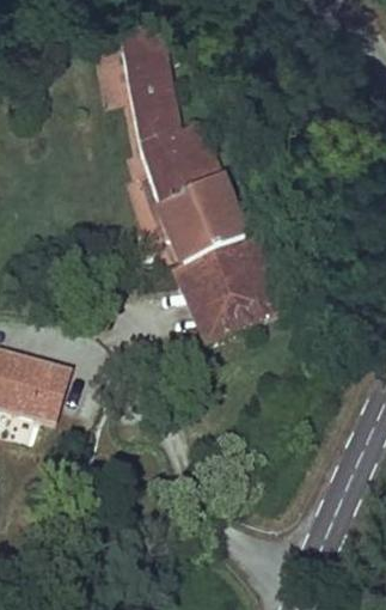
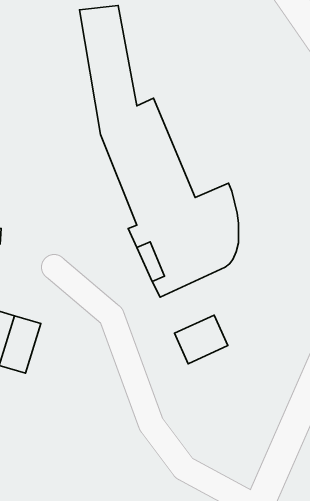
building: none -> [175,315,228,364]

